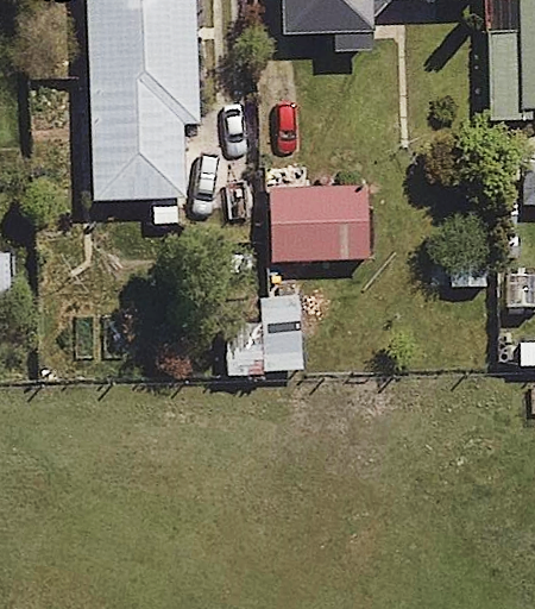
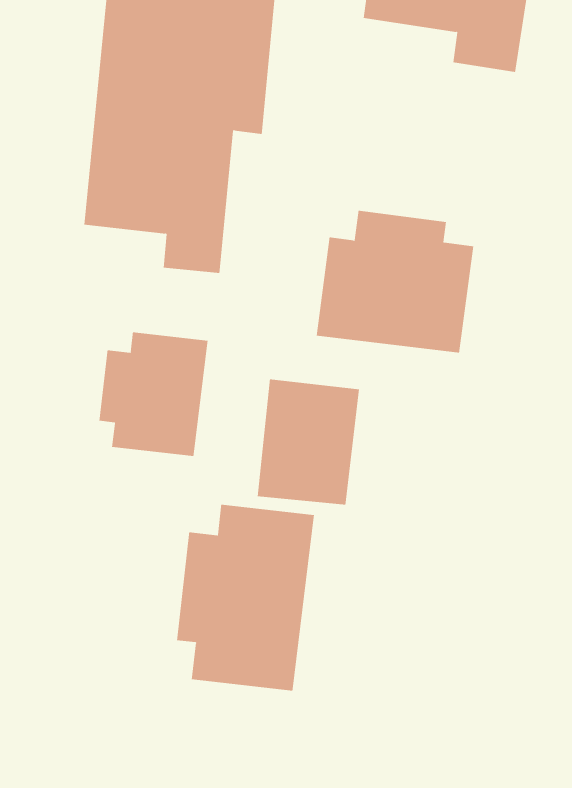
building: none -> [99,332,208,457]
building: none -> [176,504,315,692]

